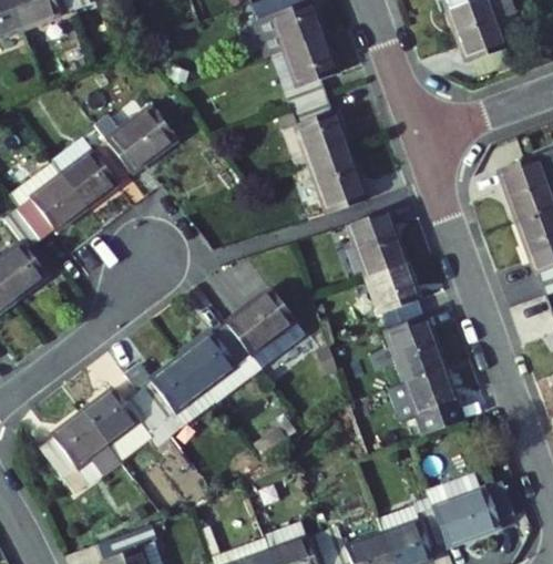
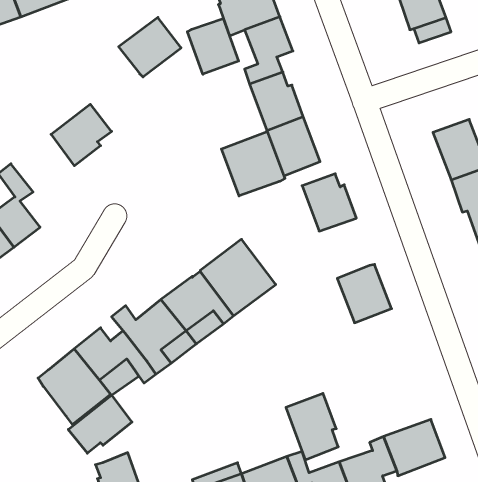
building: none -> [187,19,239,74]
building: [111,103,180,168] -> [119,17,181,77]
building: none -> [221,131,285,196]
building: [23,168,93,232] -> none
building: [362,260,418,327] -> none
building: [401,360,459,433] -> [286,393,338,460]
building: none -> [68,395,132,453]

